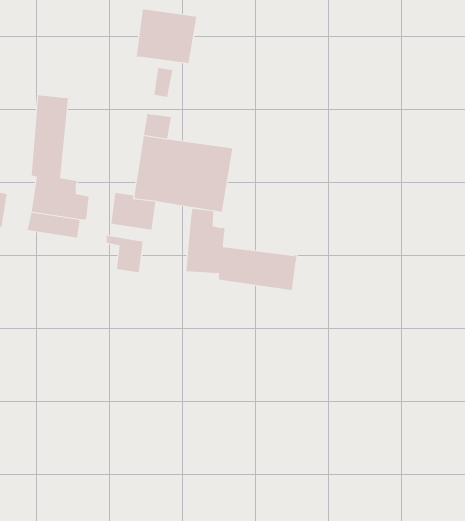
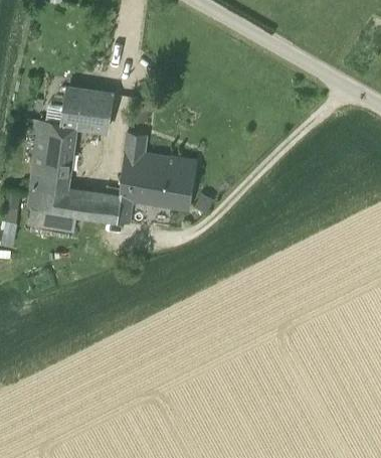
building: [136,9,197,64] -> [63,85,111,127]
building: [186,208,297,291] -> none
building: [106,235,144,273] -> [74,190,104,219]

